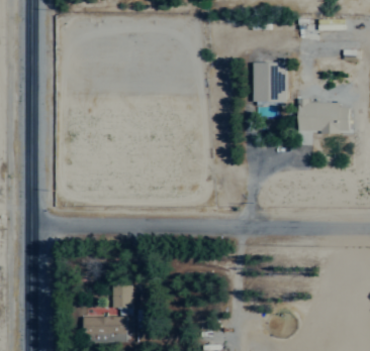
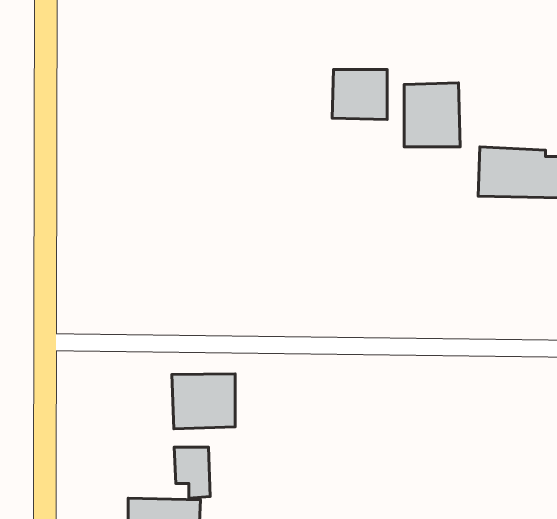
building: none -> [332,69,387,120]
building: none -> [172,374,235,429]

